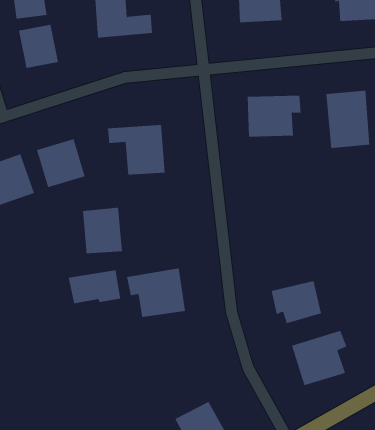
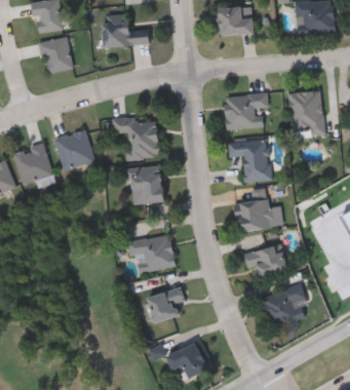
building: none -> [228,140,270,182]
building: [82,207,123,254] -> [130,165,163,203]
building: none -> [236,187,284,231]
building: [68,270,121,304] -> none
building: none -> [146,286,186,322]

